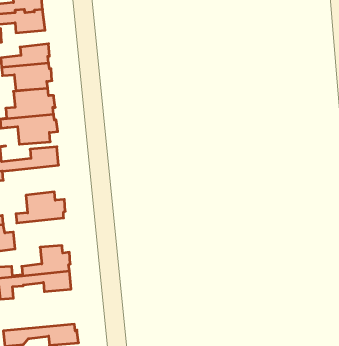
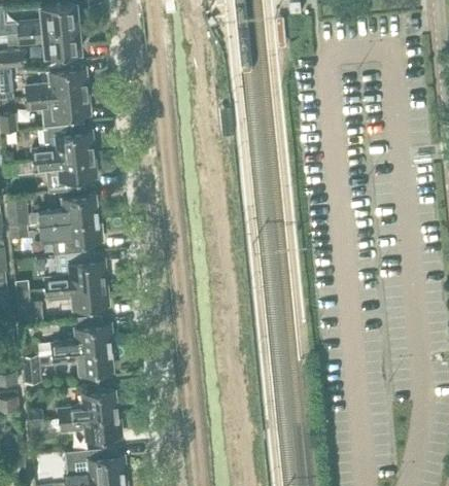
building: none -> [40,219,102,256]
building: none -> [45,284,108,310]
building: none -> [58,392,116,420]

